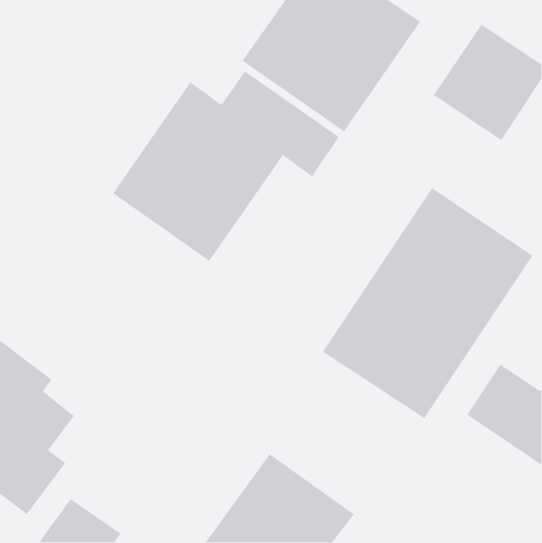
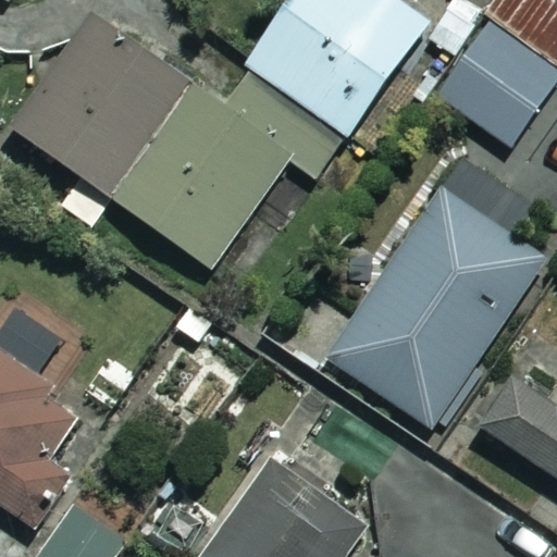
building: none -> [9,12,194,228]

